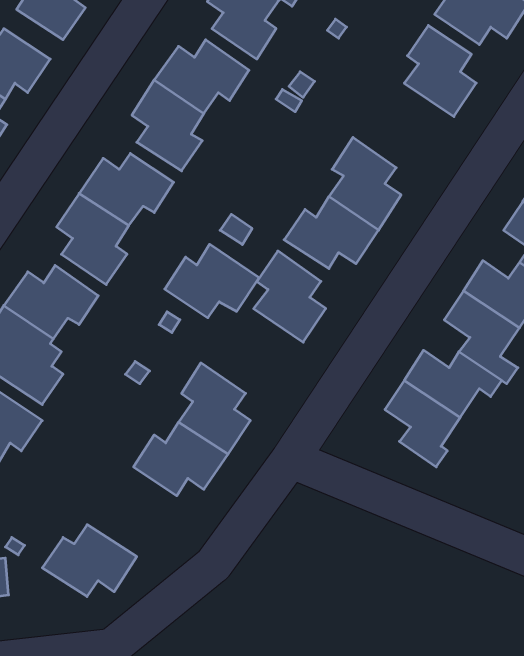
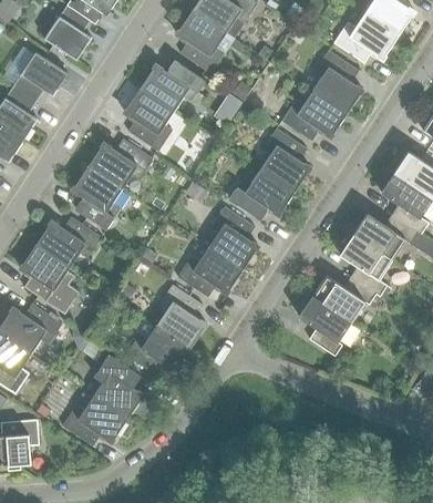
building: none -> [281,90,347,141]
building: [165,244,259,318] -> [177,246,243,297]
building: none -> [93,355,143,418]

